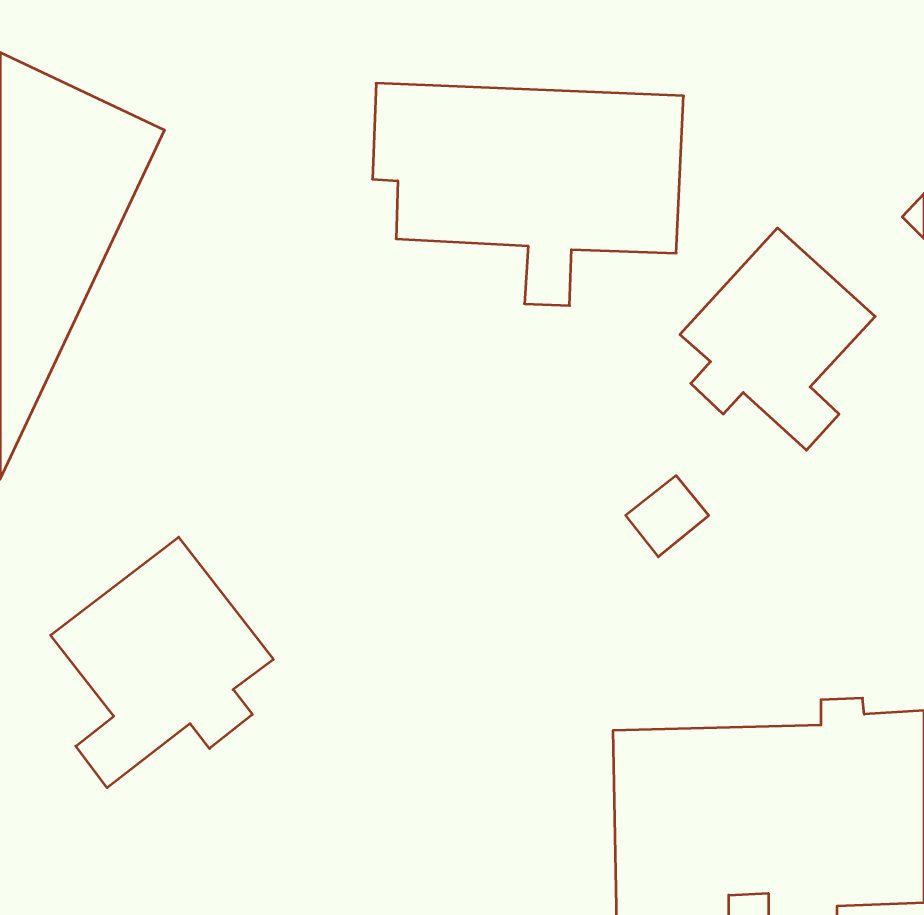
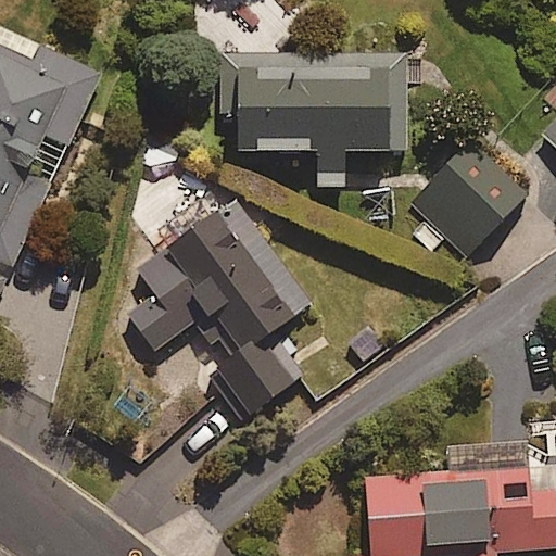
building: none -> [130,198,307,418]
building: [51,537,273,788] -> none

